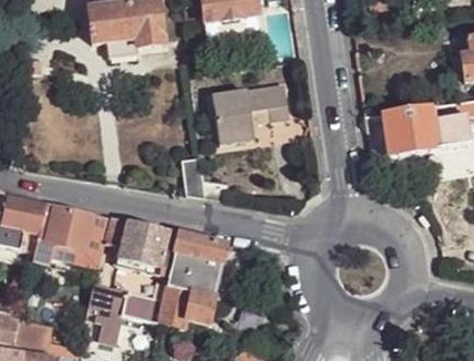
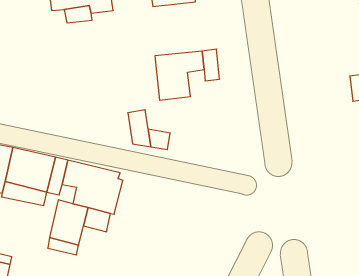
building: [381,104,436,154] -> none
building: [159,231,227,327] -> none

